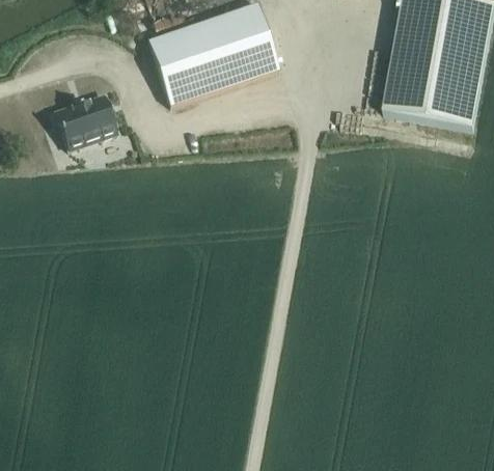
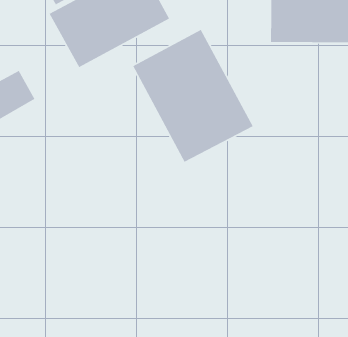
building: none -> [132,29,254,163]

